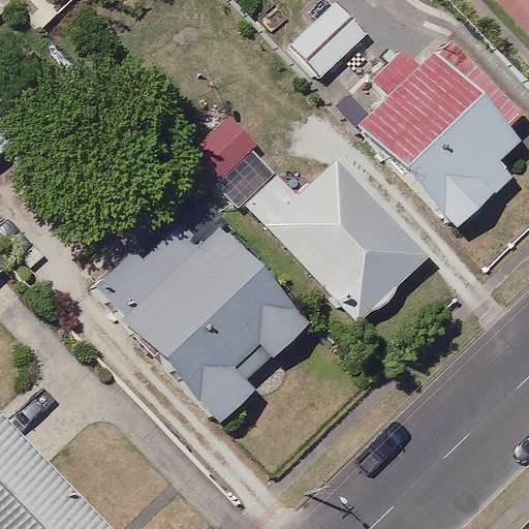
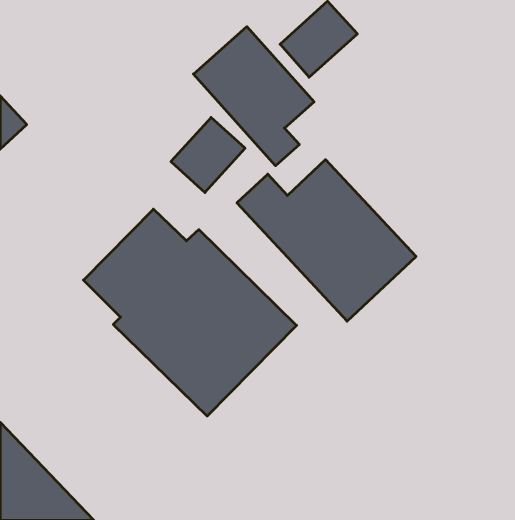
building: none -> [193,27,314,166]
building: [357,56,517,230] -> none

